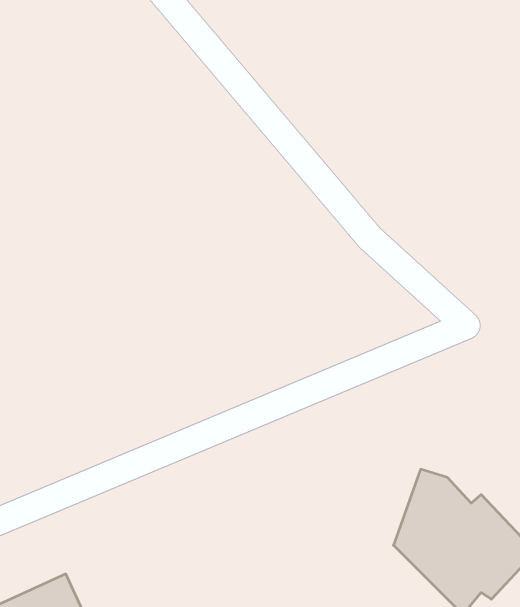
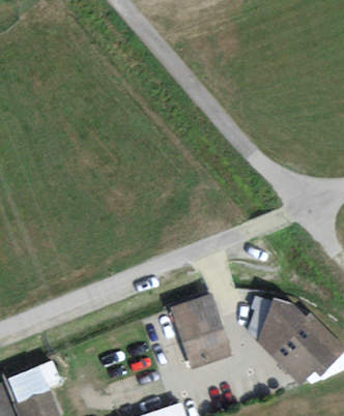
building: none -> [169,294,230,368]

